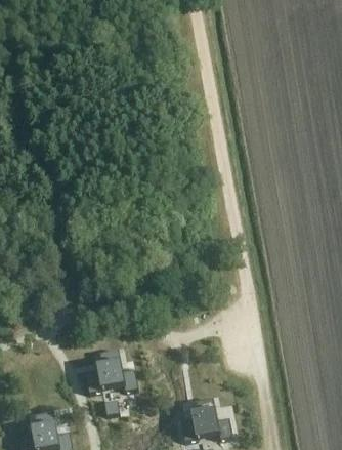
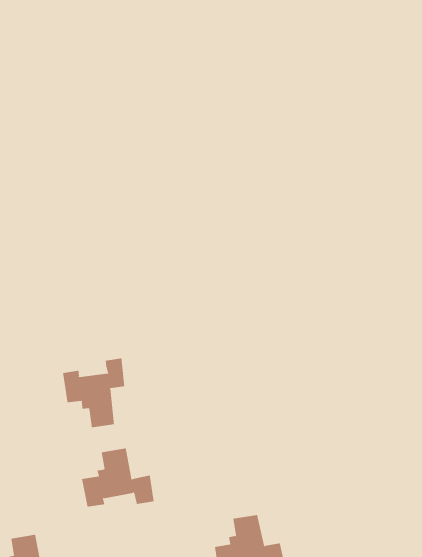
building: none -> [62,357,125,428]

